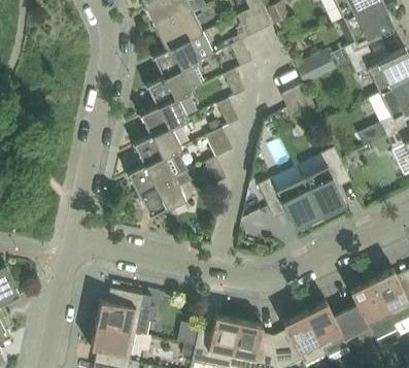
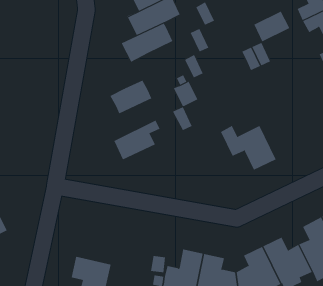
building: [140,97,188,136] -> none
building: [302,146,348,215] -> none
building: [128,149,188,195] -> none
building: [96,290,157,335] -> none

